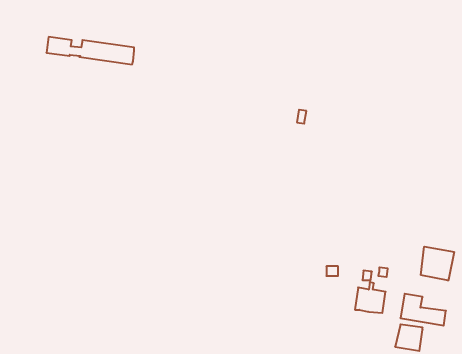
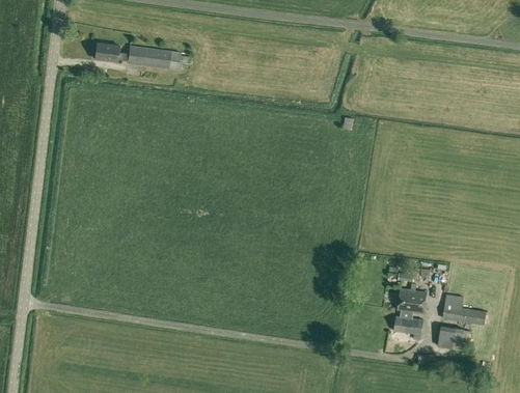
building: [421,247,454,281] -> none
building: none -> [394,310,423,340]

